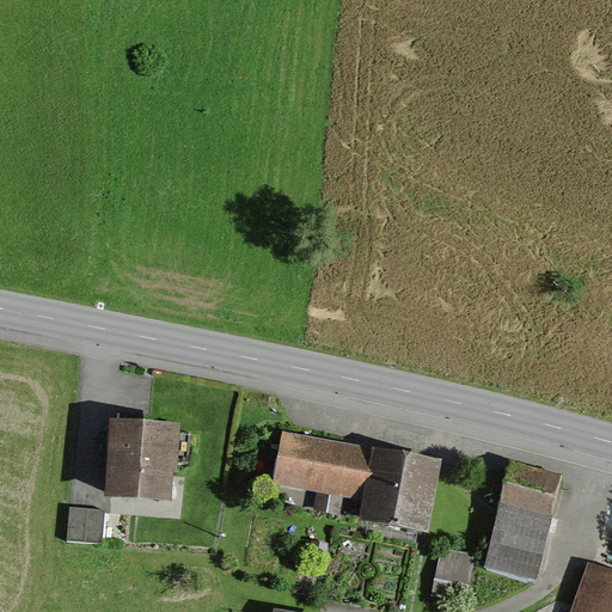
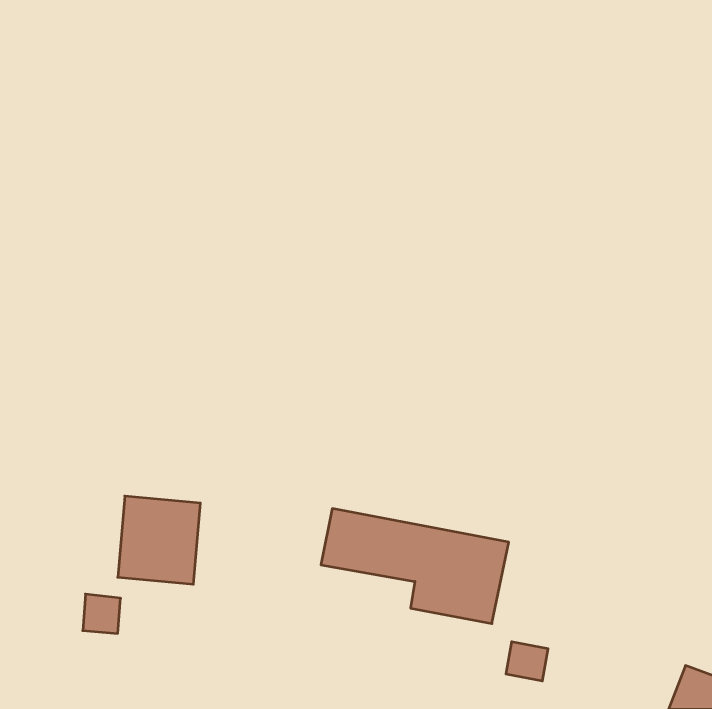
building: [484,470,557,579] -> none

